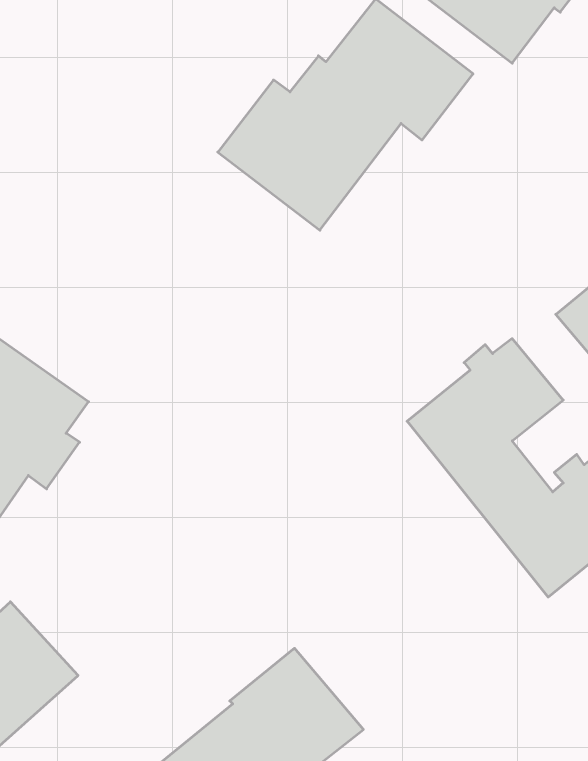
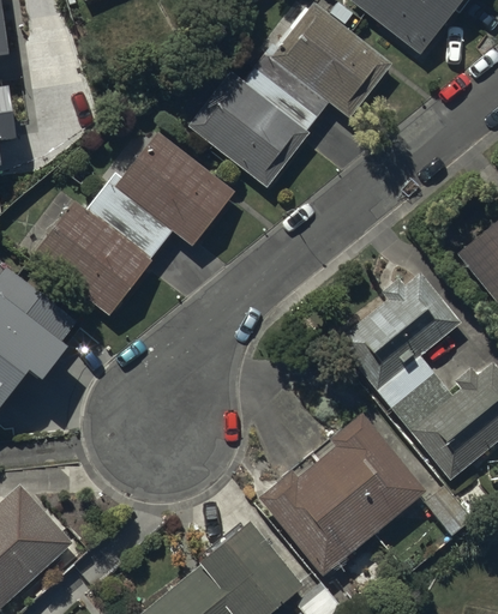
building: none -> [32,133,235,314]
building: none -> [257,413,426,576]

